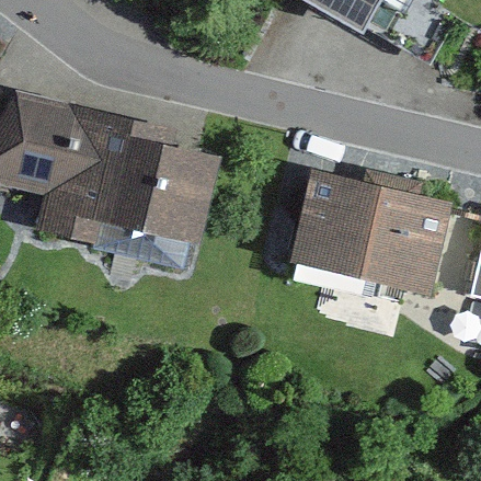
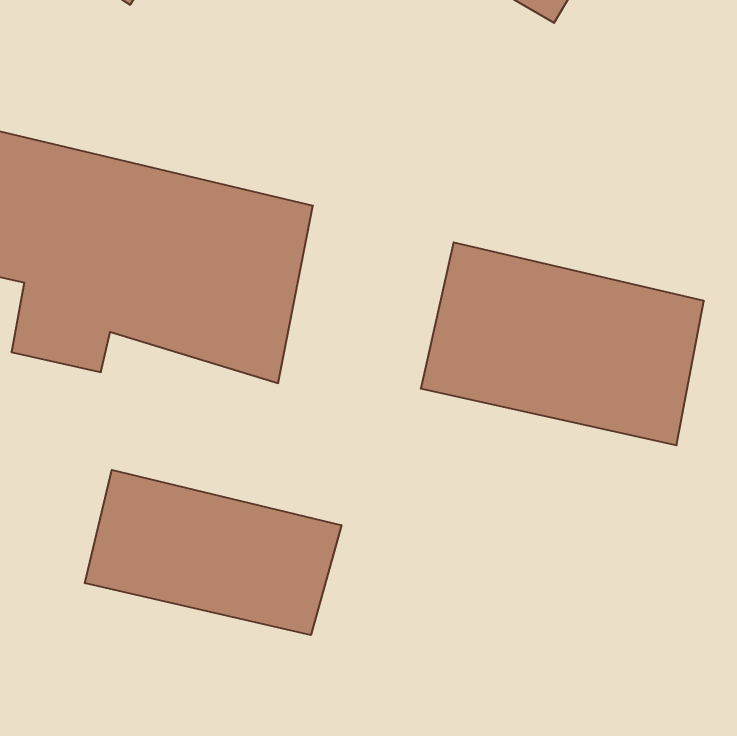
building: none -> [85,470,341,635]

